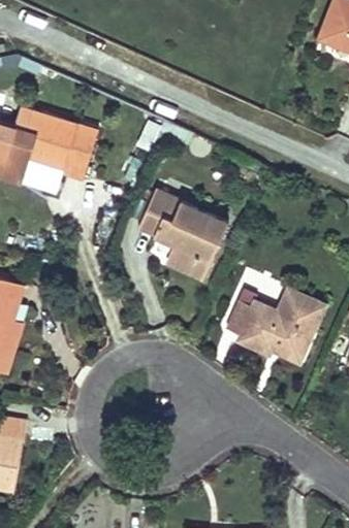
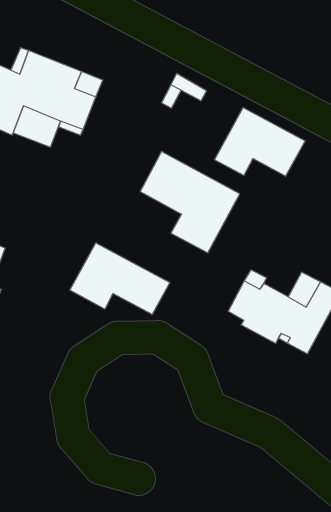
building: none -> [215,108,305,176]
building: none -> [70,243,170,315]

